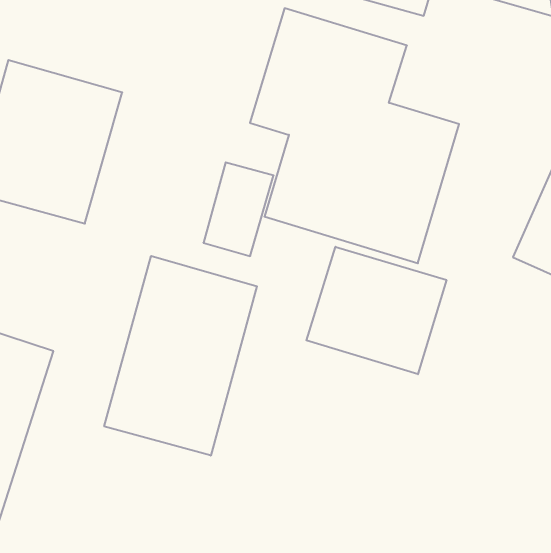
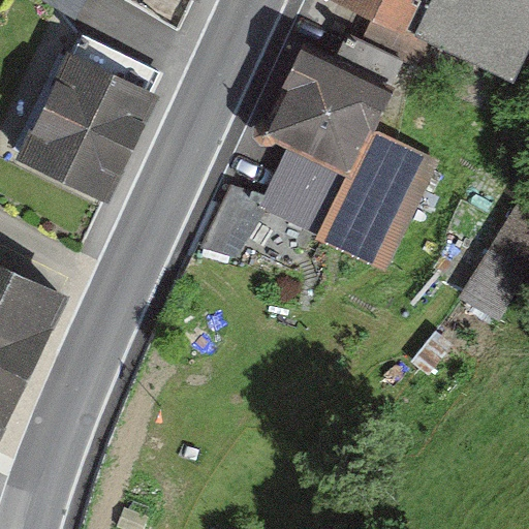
building: [306,247,446,374] -> none
building: [104,256,257,456] -> none

